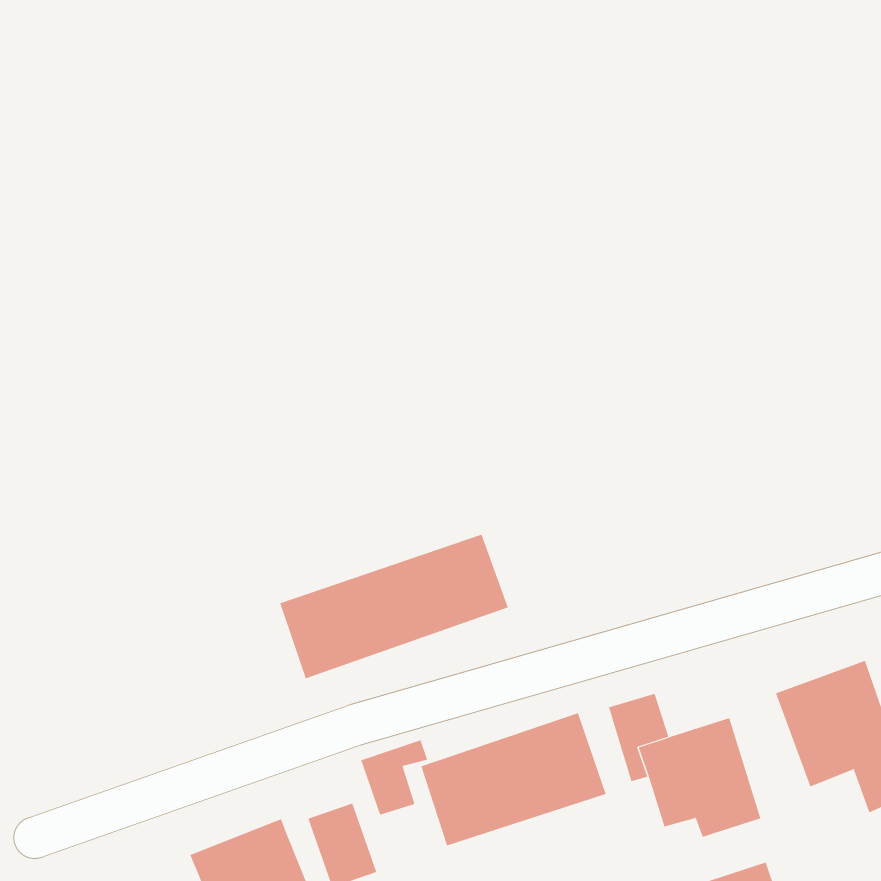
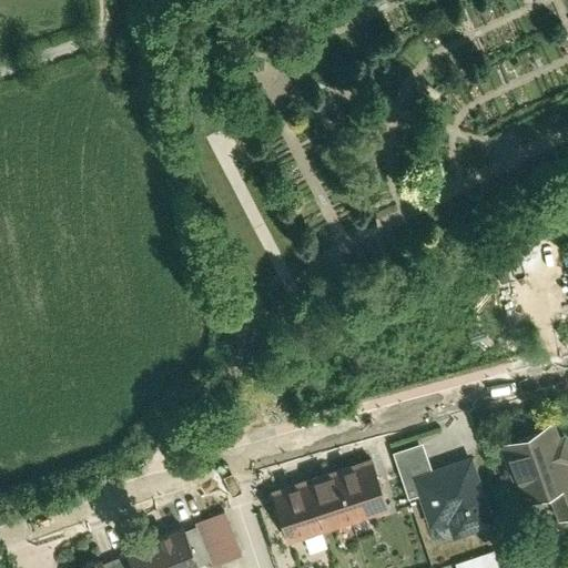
building: [279,534,509,679] -> none
building: [361,739,428,816] -> none

